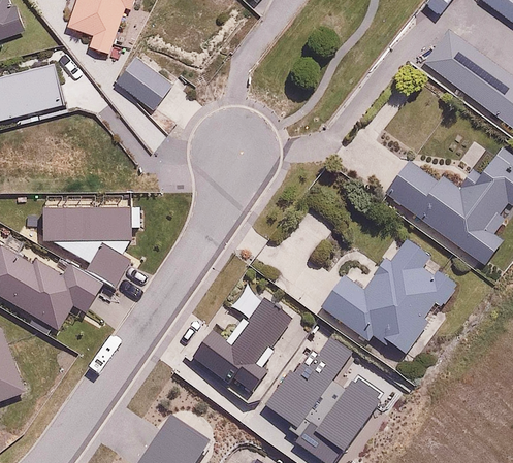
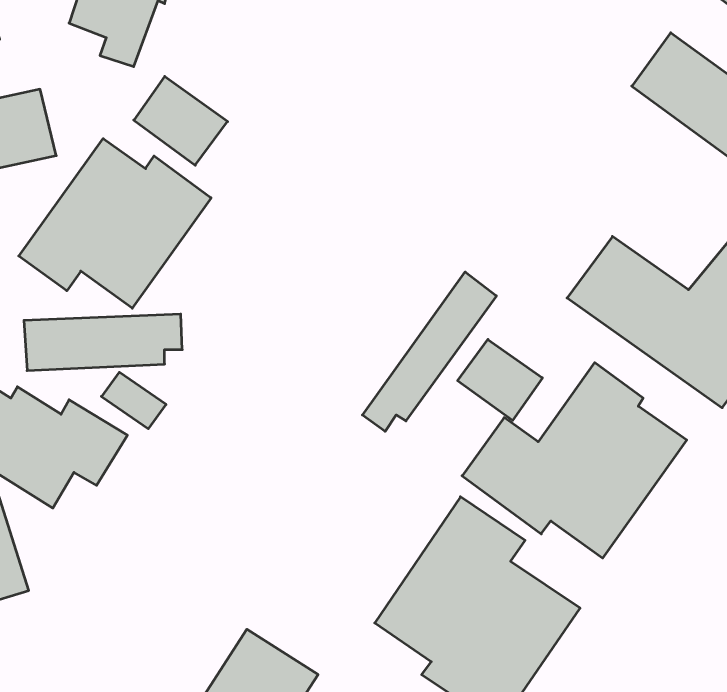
building: none -> [19,139,211,308]
building: none -> [362,272,496,431]
building: none -> [458,339,542,420]
building: [181,287,292,407] -> none

